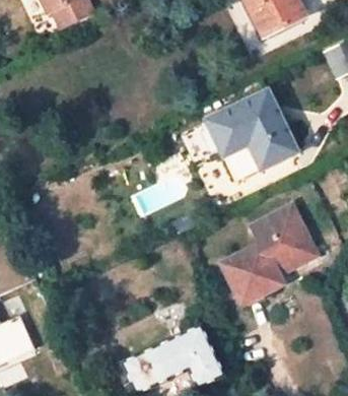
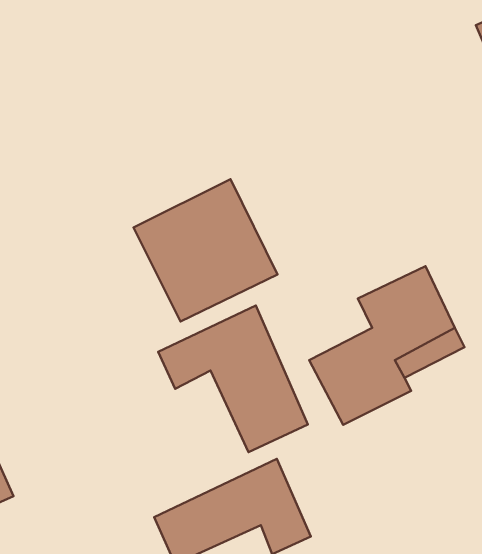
building: [206,91,296,181] -> [133,179,277,321]
building: none -> [158,305,308,452]

